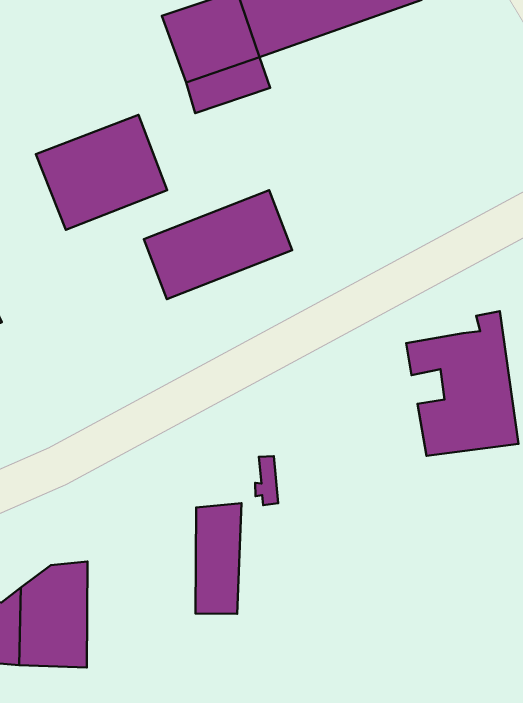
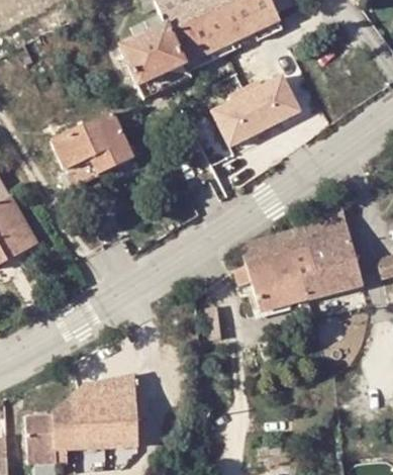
building: [144,190,292,299] -> [211,81,302,153]
building: none -> [232,231,313,311]
building: [196,503,241,614] -> [104,376,134,446]

